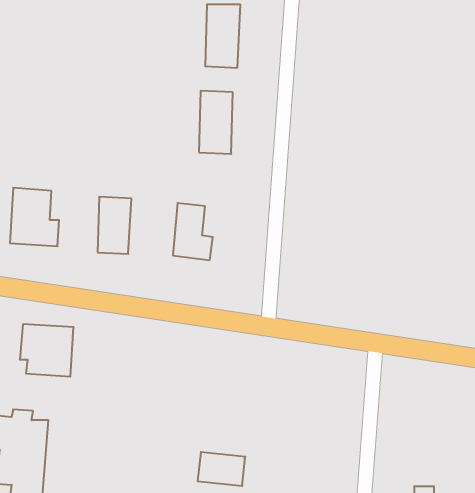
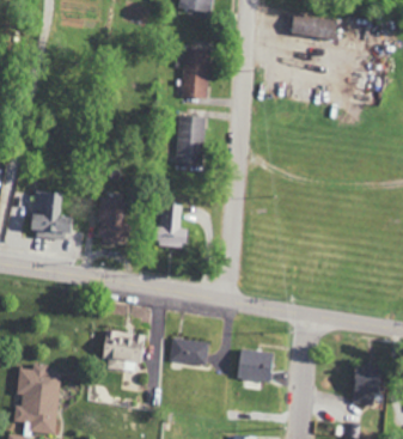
building: [20,324,74,377] -> [103,331,145,372]
building: none -> [238,349,274,380]
building: none -> [350,366,380,407]
building: [198,452,245,486] -> [172,339,209,365]

